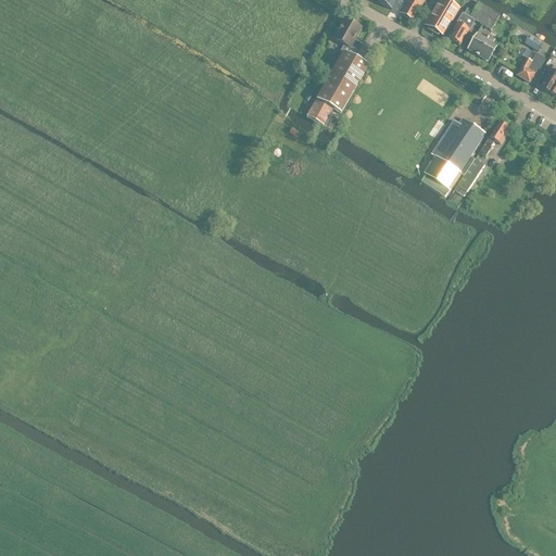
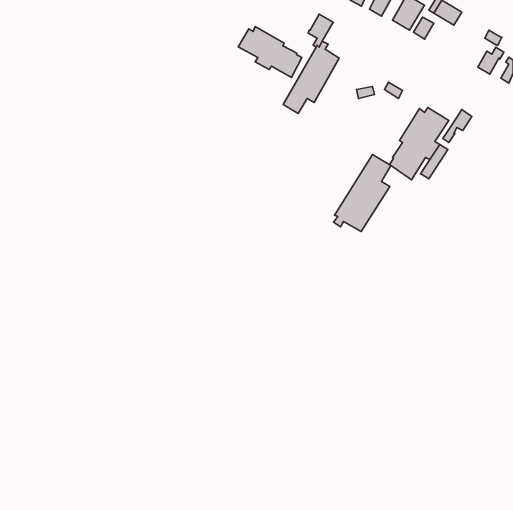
building: none -> [238,26,302,78]
building: [467,30,496,59] -> none
building: none -> [334,154,391,232]

